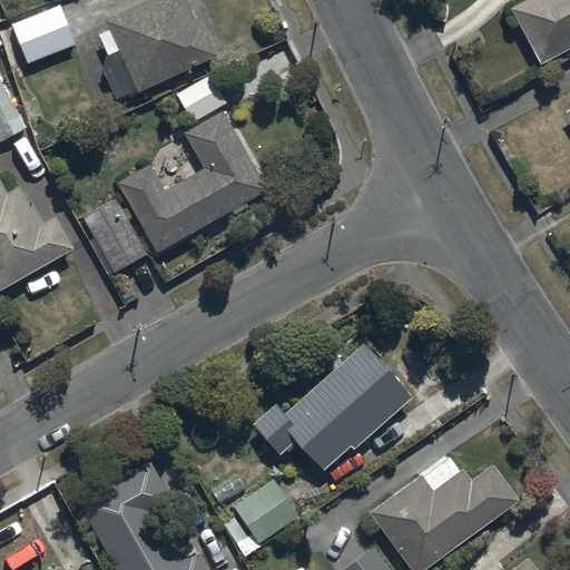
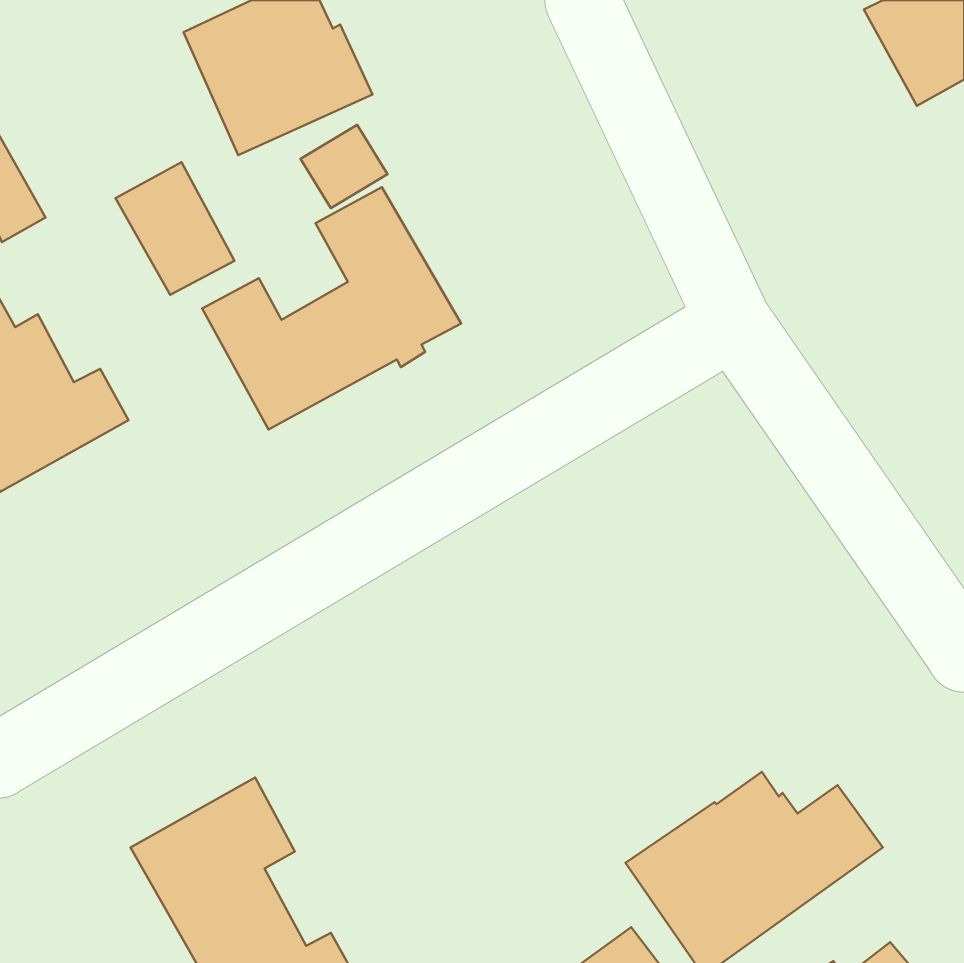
building: [12,8,76,66] -> none
building: [79,199,149,277] -> [115,162,235,295]
building: [250,342,412,471] -> none
building: [229,476,298,544] -> none

